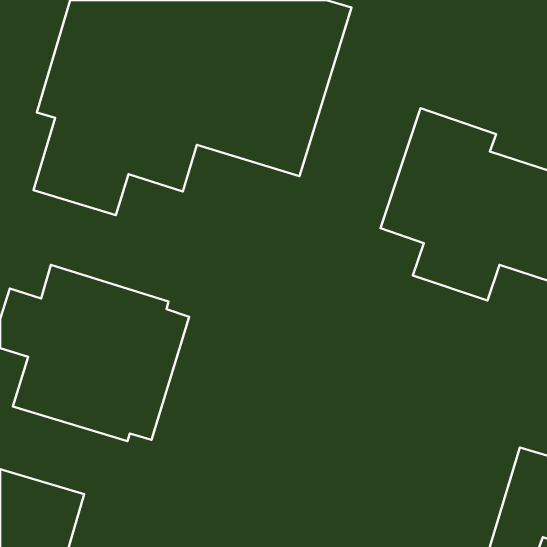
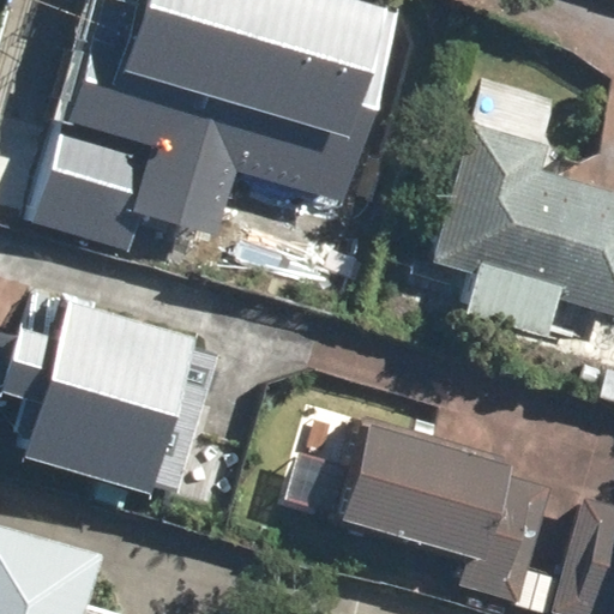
building: none -> [338,420,544,603]

